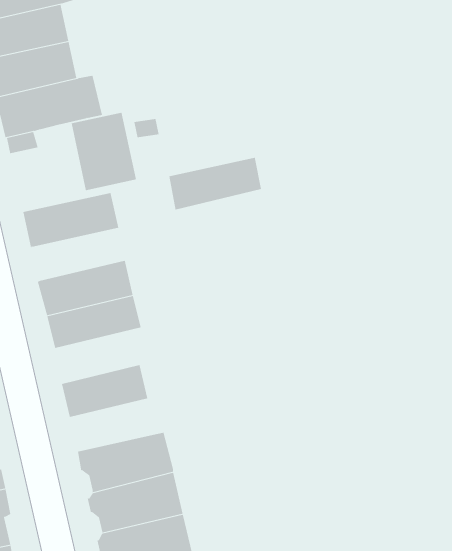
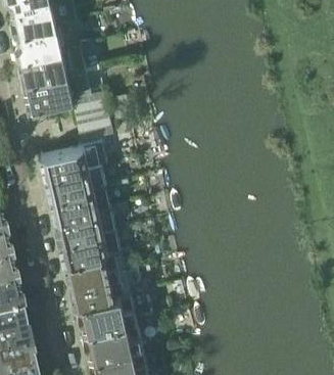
building: [168,157,262,210] -> [45,155,104,189]
building: none -> [58,219,120,254]
building: none -> [68,264,124,297]

